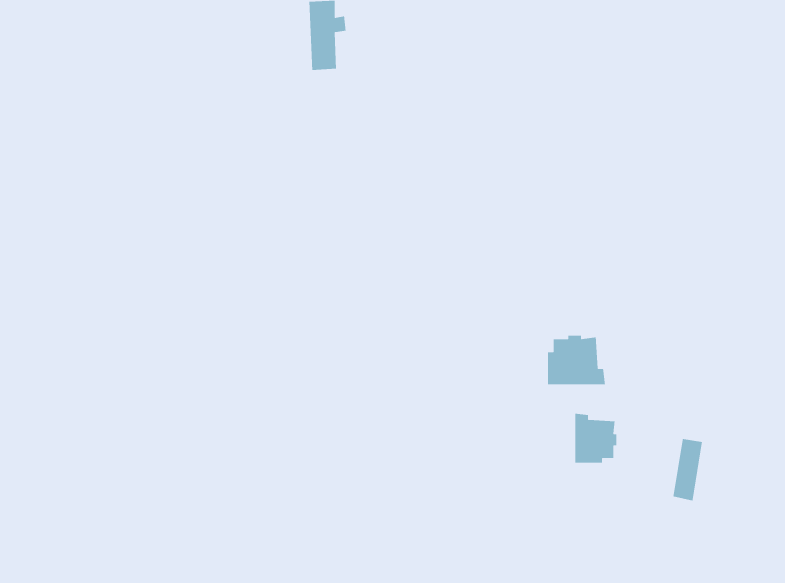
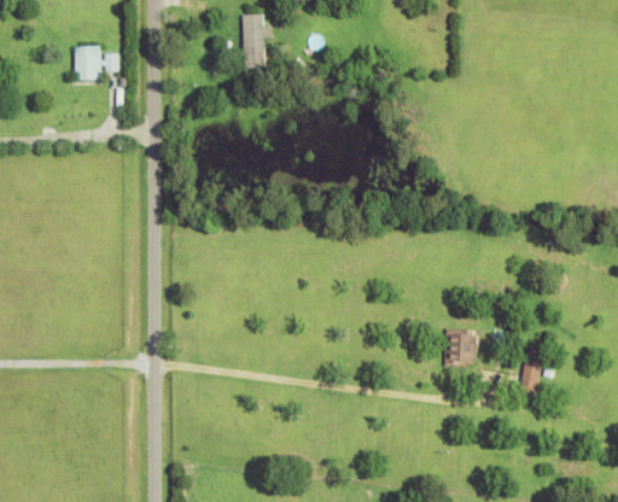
building: none -> [75,46,118,80]
building: [547,335,606,385] -> none

